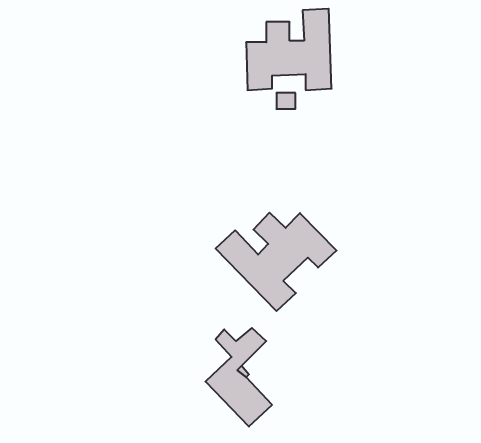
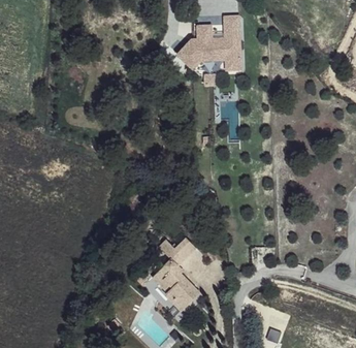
building: [216,213,337,311] -> none

